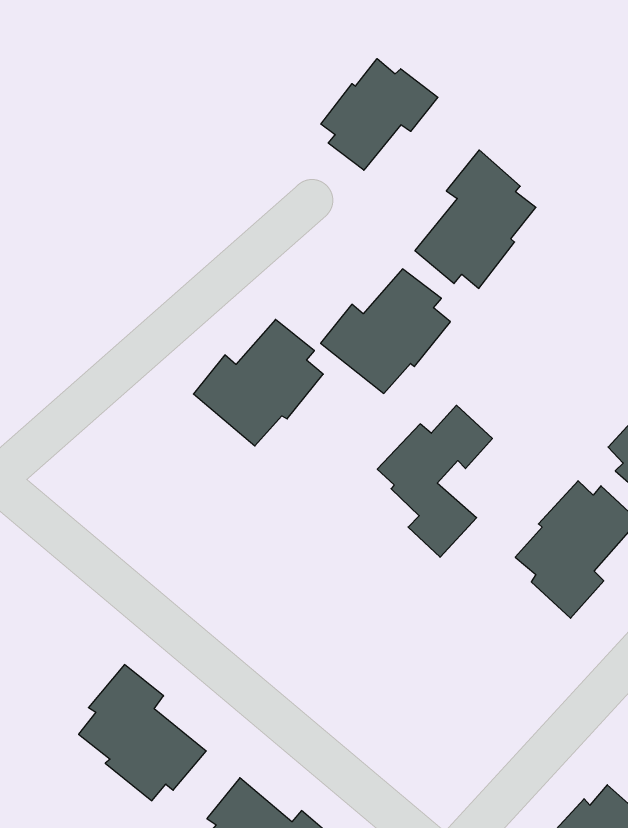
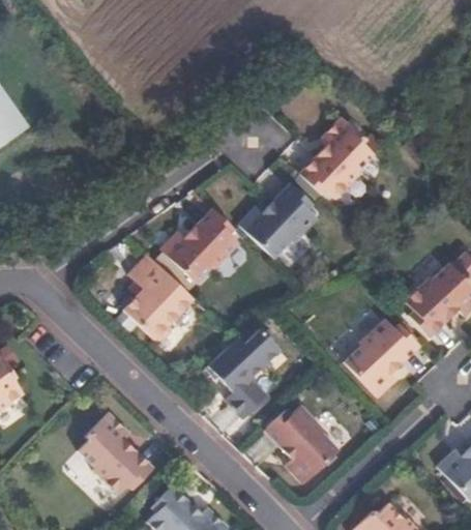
building: [321,59,438,170] -> none
building: [377,405,492,557] -> [210,327,281,417]
building: none -> [116,256,187,342]
building: none -> [265,404,338,483]

